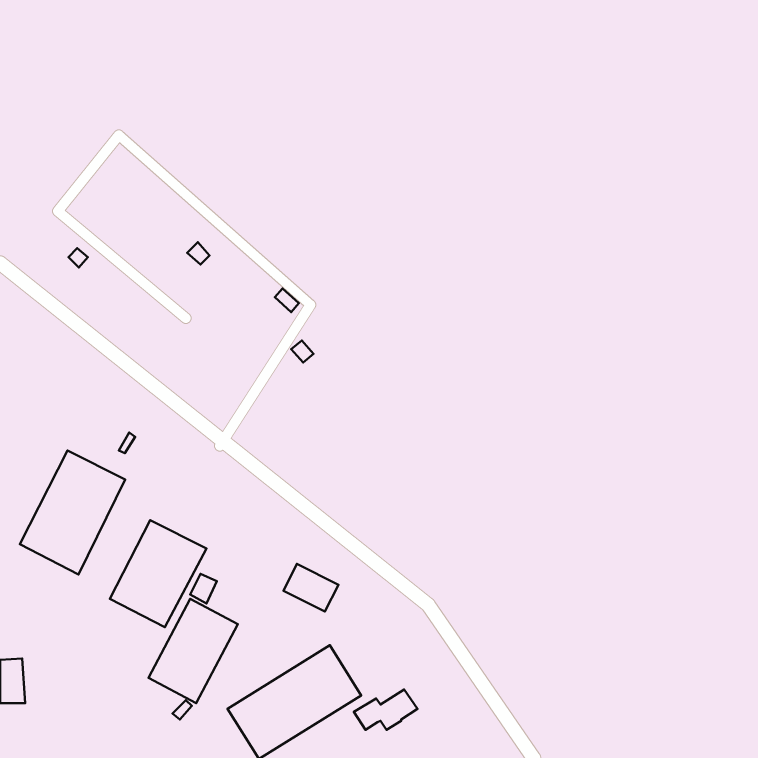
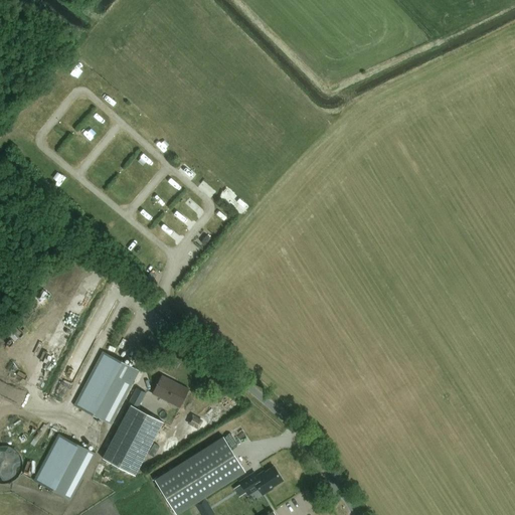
building: [20,451,125,575] -> none
building: [283,564,338,611] -> [153,376,190,408]
building: none -> [34,434,97,500]

